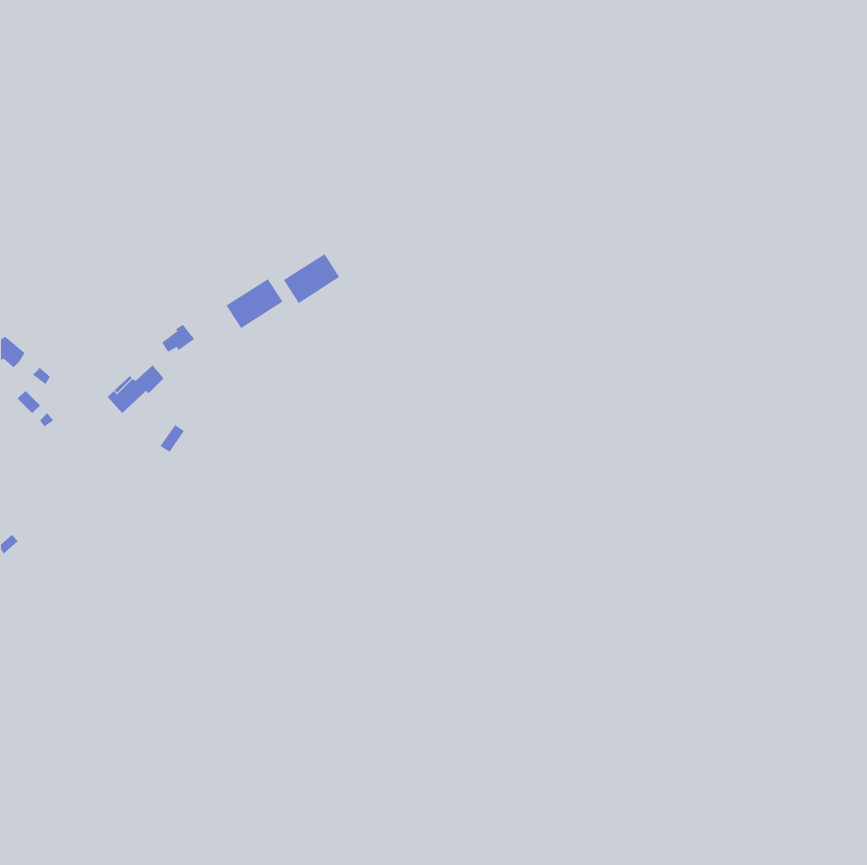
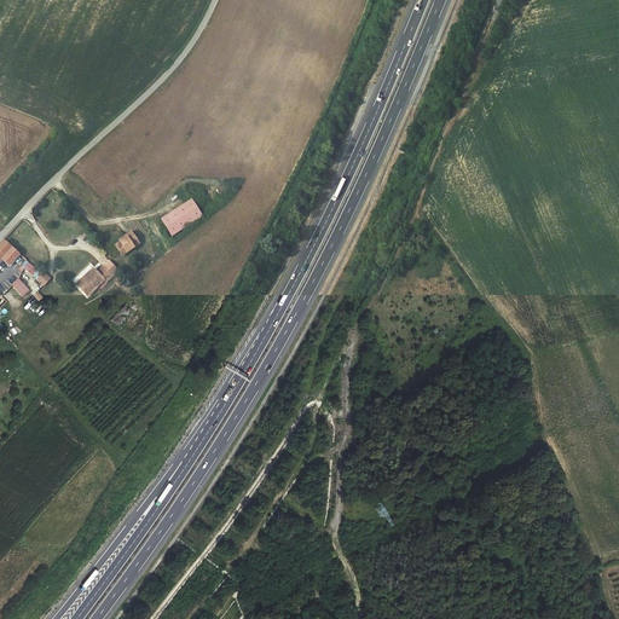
building: [283,253,340,304] -> none

